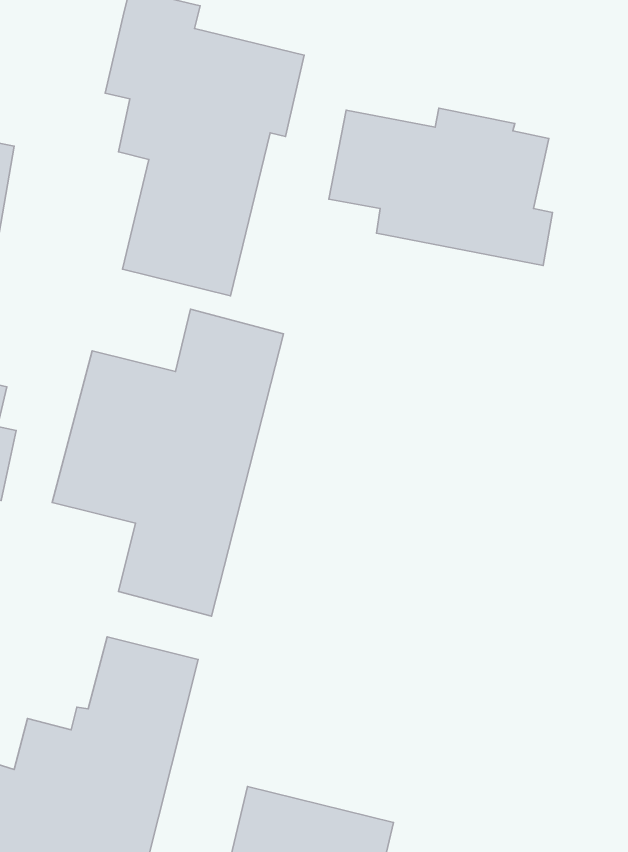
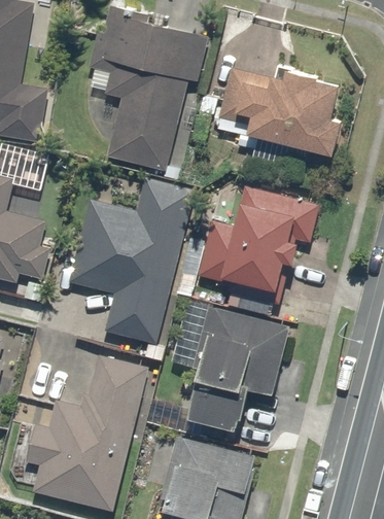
building: none -> [199,189,319,306]
building: none -> [185,307,289,430]

